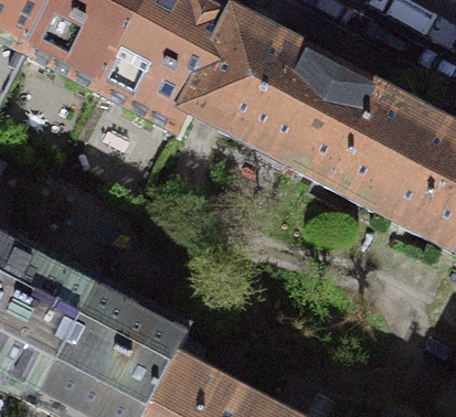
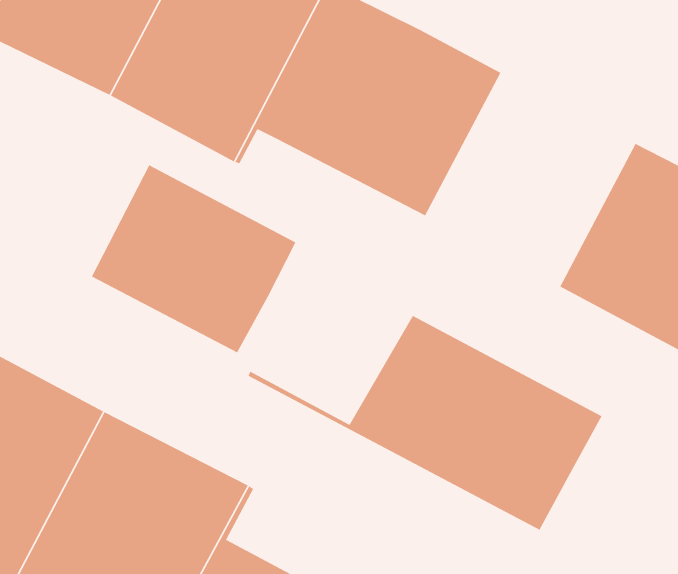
building: [295,75,423,206] -> none
building: none -> [91,164,296,354]
building: none -> [248,315,603,531]

